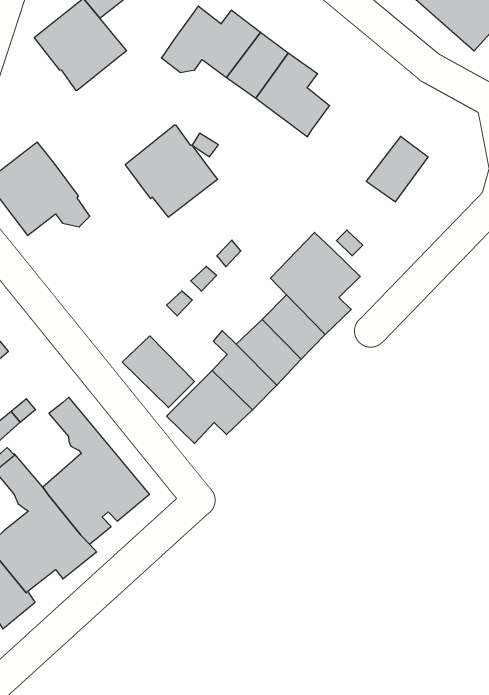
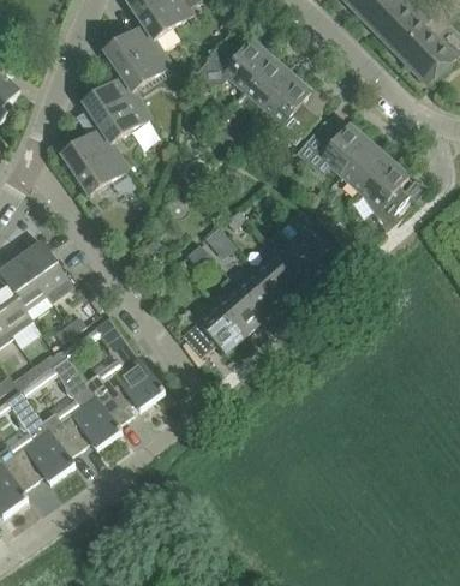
building: none -> [305,121,369,174]
building: [125,125,218,217] -> [83,76,150,143]
building: none -> [362,160,416,233]
building: [122,336,194,408] -> none

